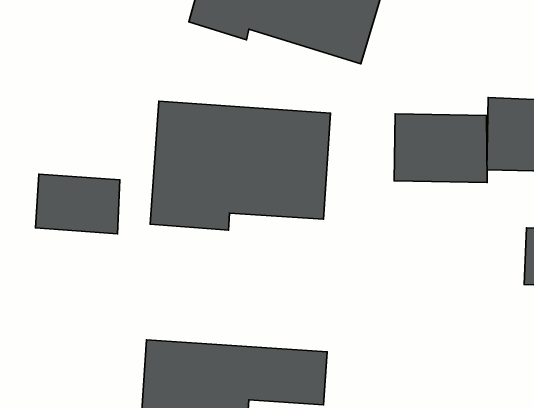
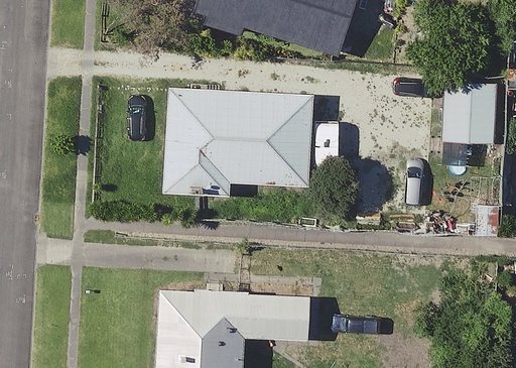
building: [394,114,487,182] -> none
building: [35,174,120,234] -> none

